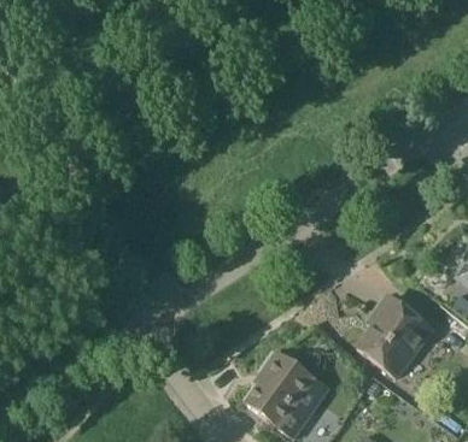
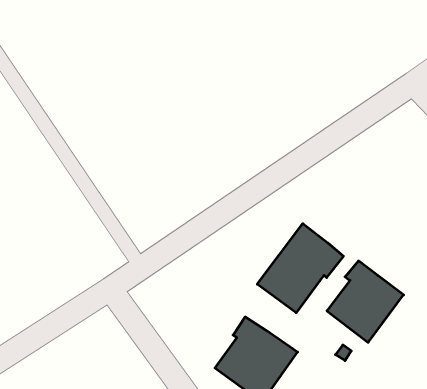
building: none -> [257,224,343,313]

